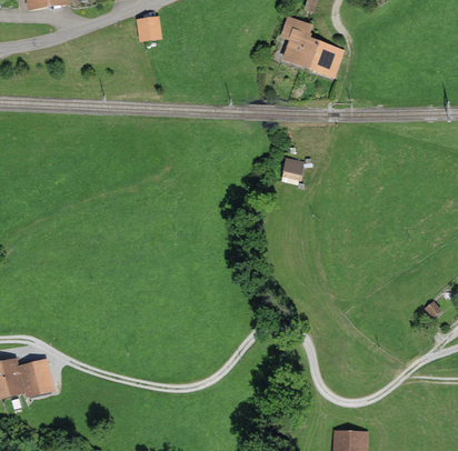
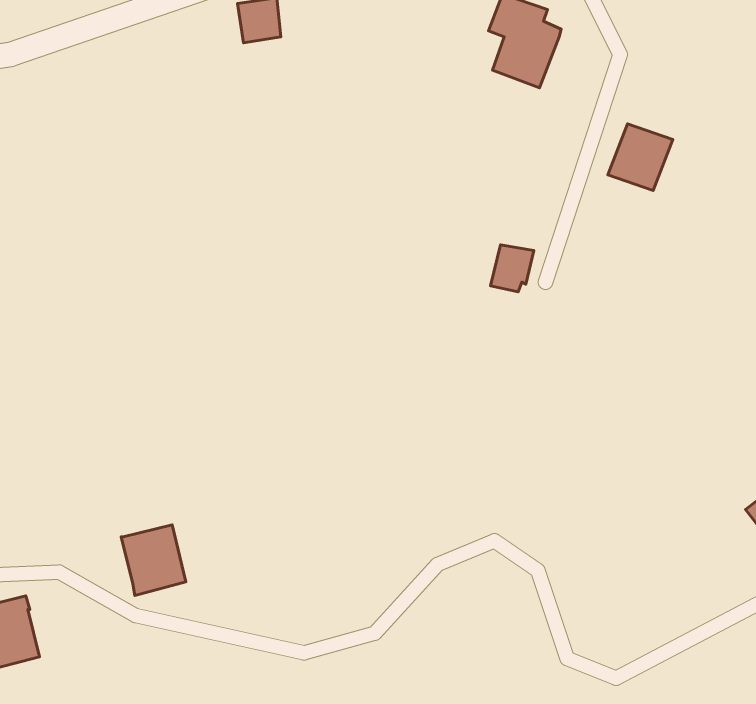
building: [308,40,345,78] -> [608,124,673,190]
building: [18,358,54,398] -> [121,525,186,596]

